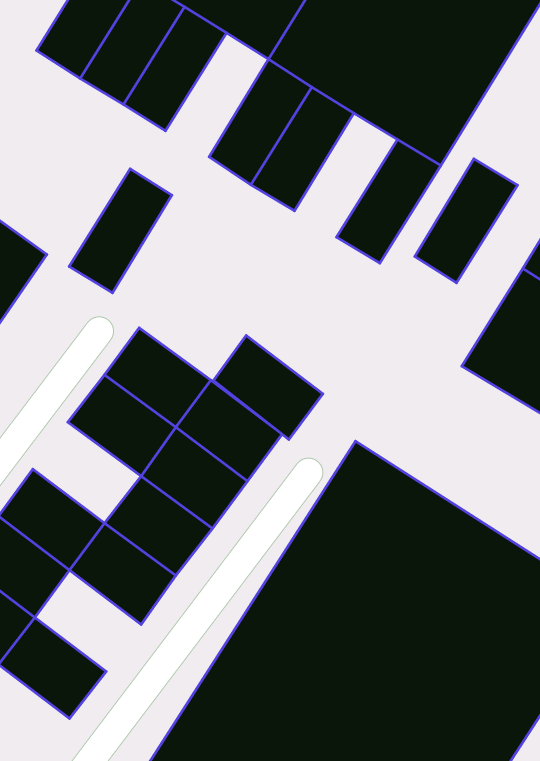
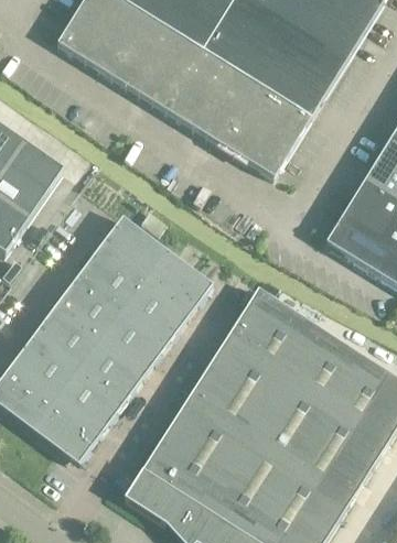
building: [415,159,518,283] -> [221,80,286,159]
building: [69,169,172,293] -> [139,30,204,108]
building: [214,336,323,439] -> none
building: none -> [55,275,124,339]
building: none -> [56,369,124,433]

